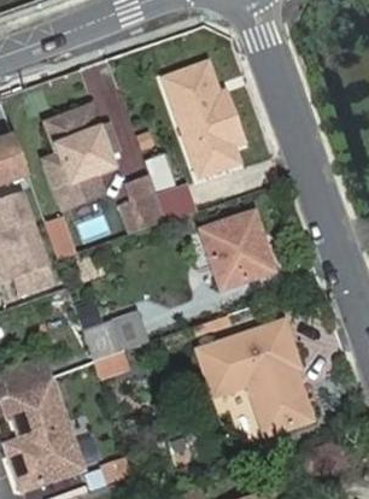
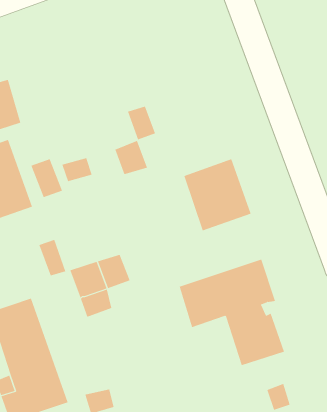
building: [159,57,245,181] -> none
building: [46,110,110,205] -> none

